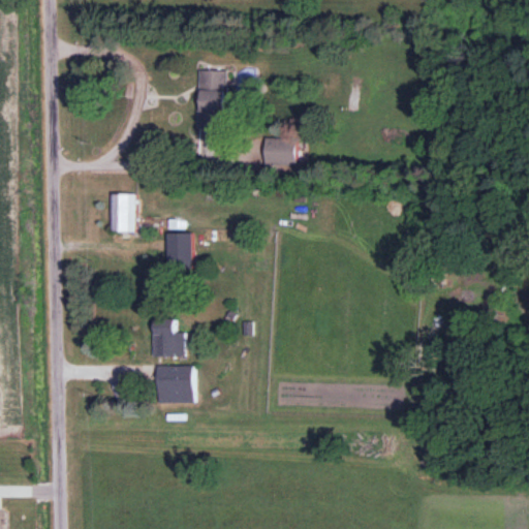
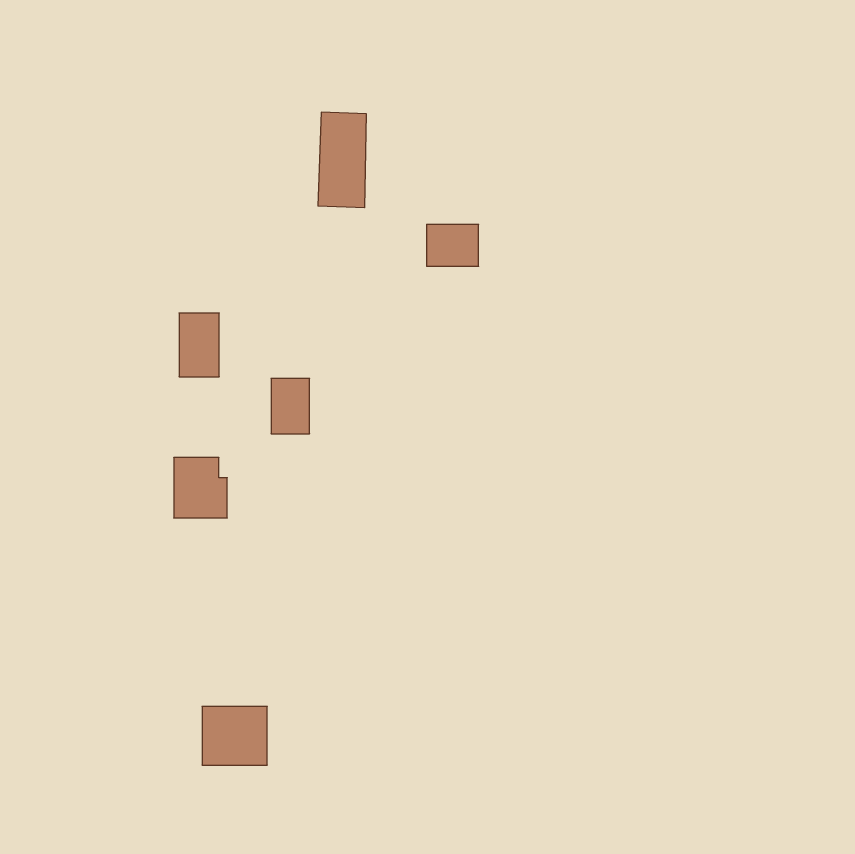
building: [152,319,185,356] -> [174,458,227,518]
building: [157,366,197,402] -> [202,706,267,765]

